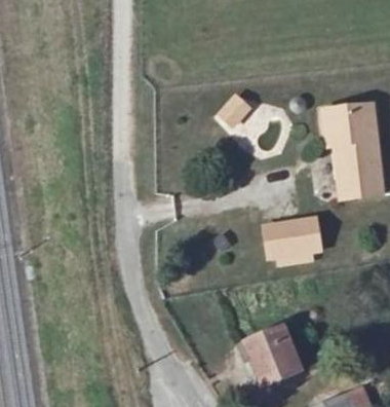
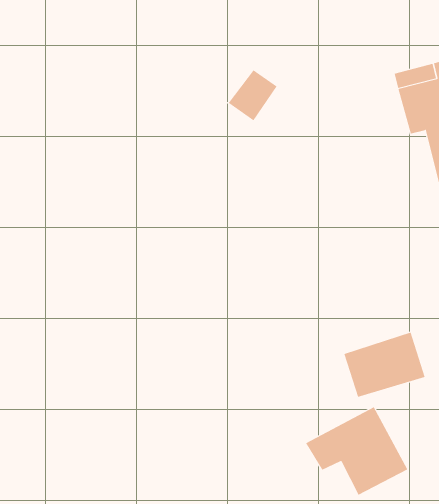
building: [264,220,315,258] -> [343,332,425,398]

